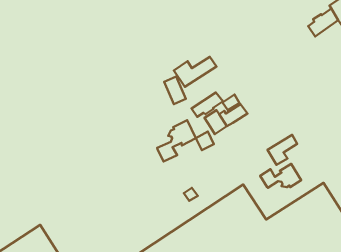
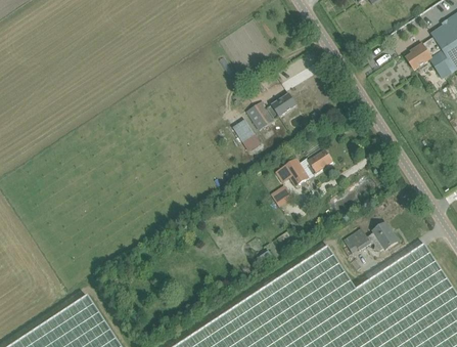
building: [191,93,223,117] -> none
building: [157,120,196,161] -> none
building: [268,135,297,165] -> none

